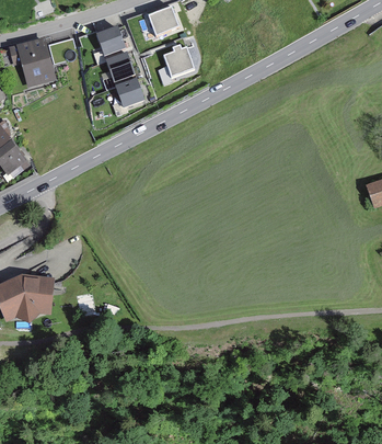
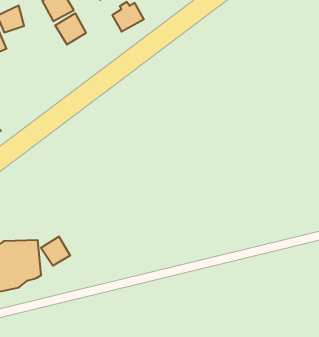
building: [114,82,143,111] -> none
building: none -> [41,236,70,266]

